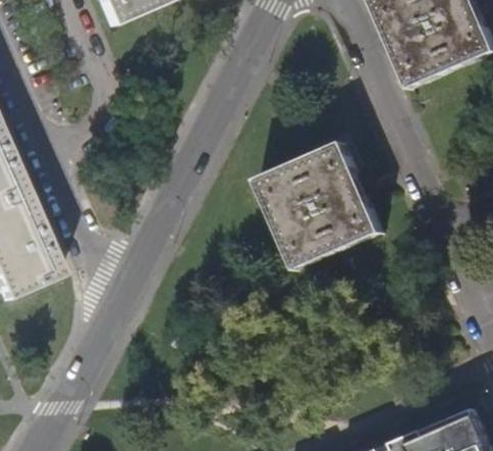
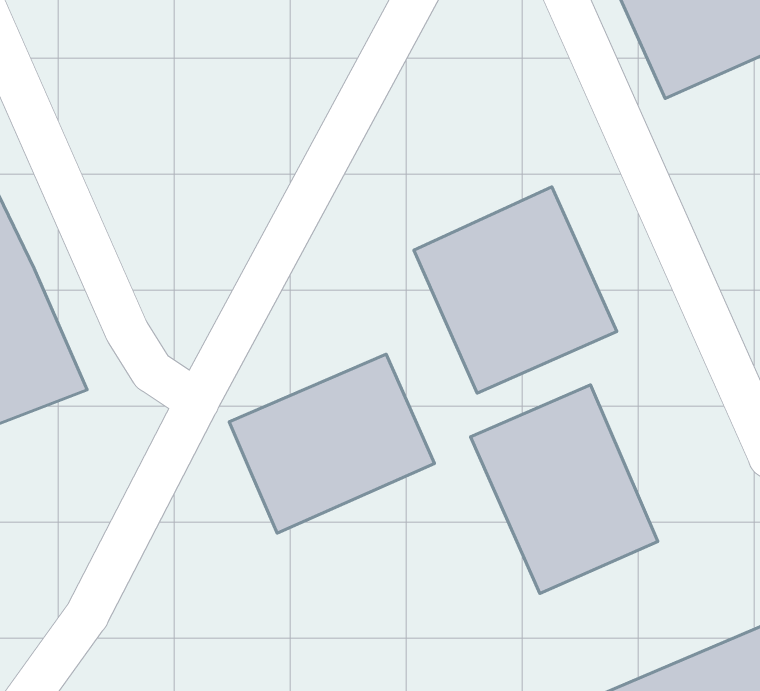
building: none -> [229,354,434,533]
building: none -> [471,385,658,593]

